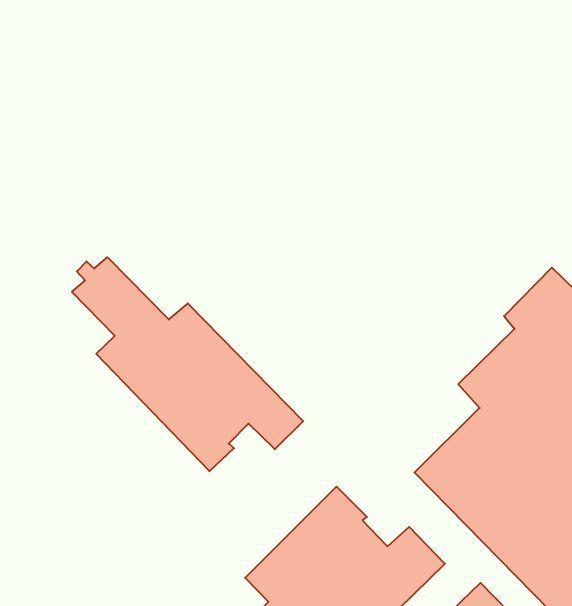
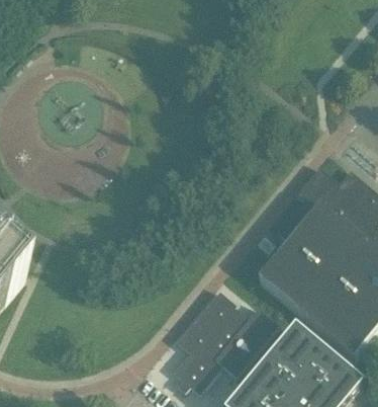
building: [72,257,303,471] -> none

